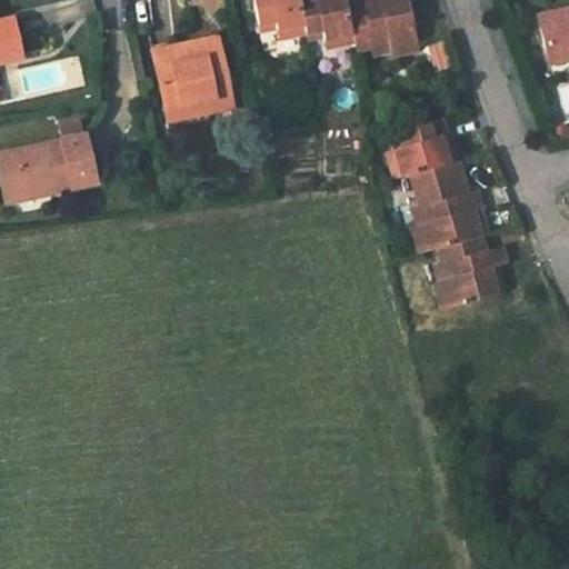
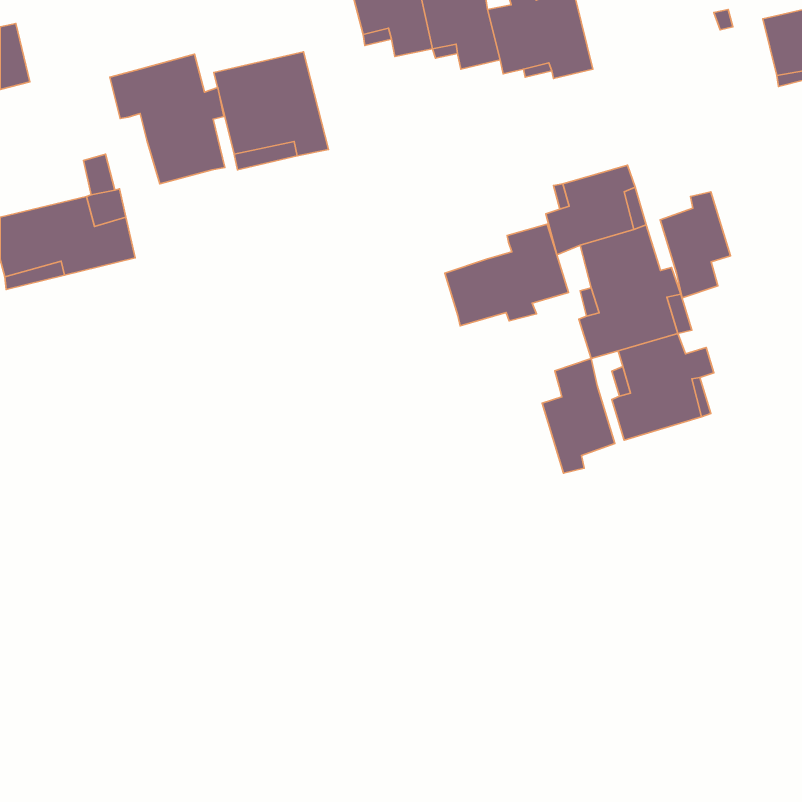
building: none -> [110,54,225,184]
building: none -> [660,192,731,298]
building: none -> [445,224,569,326]
building: none -> [542,359,615,473]

